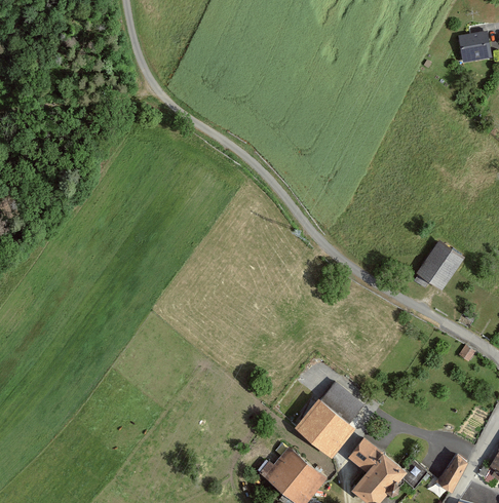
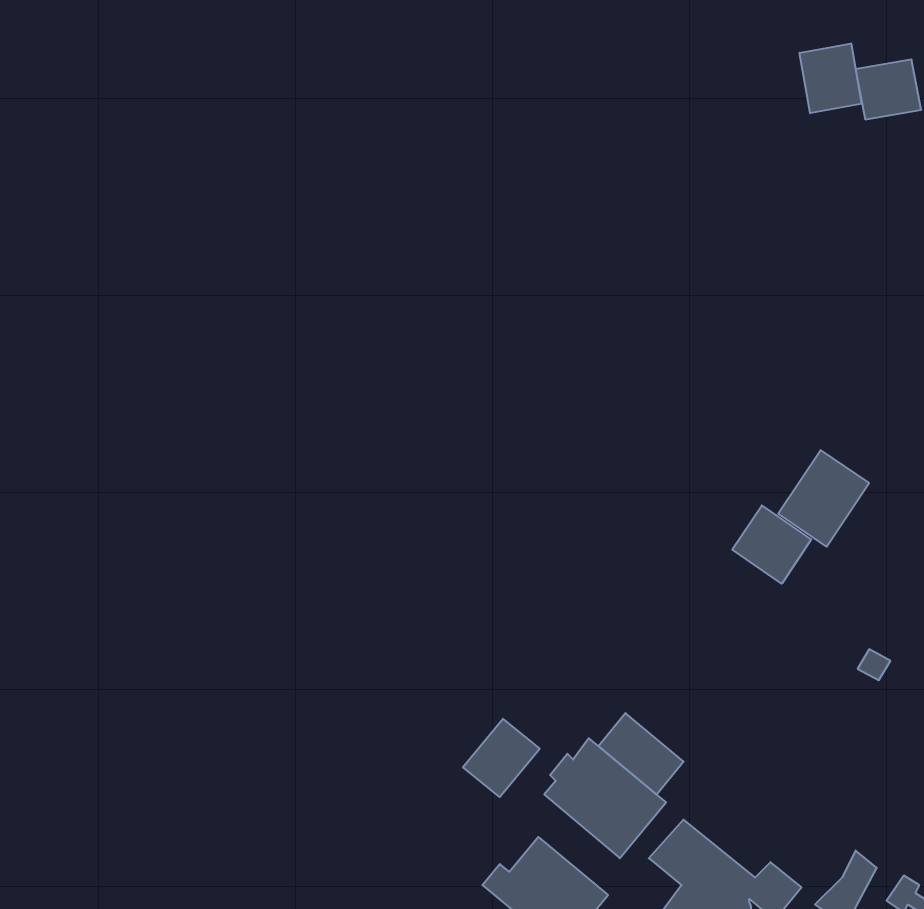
building: none -> [800,43,862,113]
building: none -> [732,505,811,584]
building: none -> [463,719,540,797]

